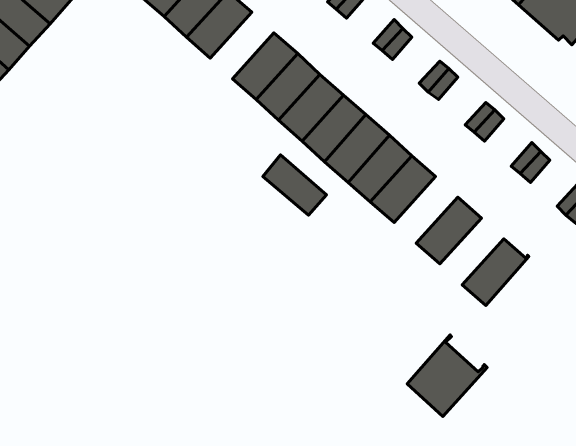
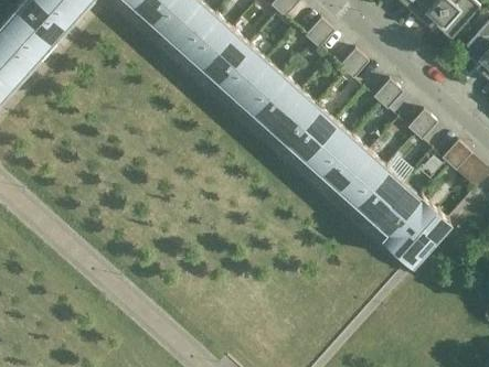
building: none -> [184,15,232,65]
building: [263,155,326,215] -> none
building: none -> [321,138,369,187]
building: none -> [355,169,403,218]
building: [407,335,487,416] -> [390,197,449,258]

